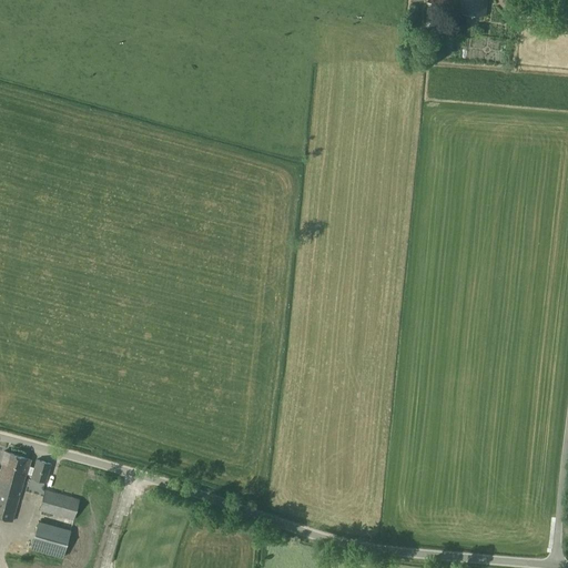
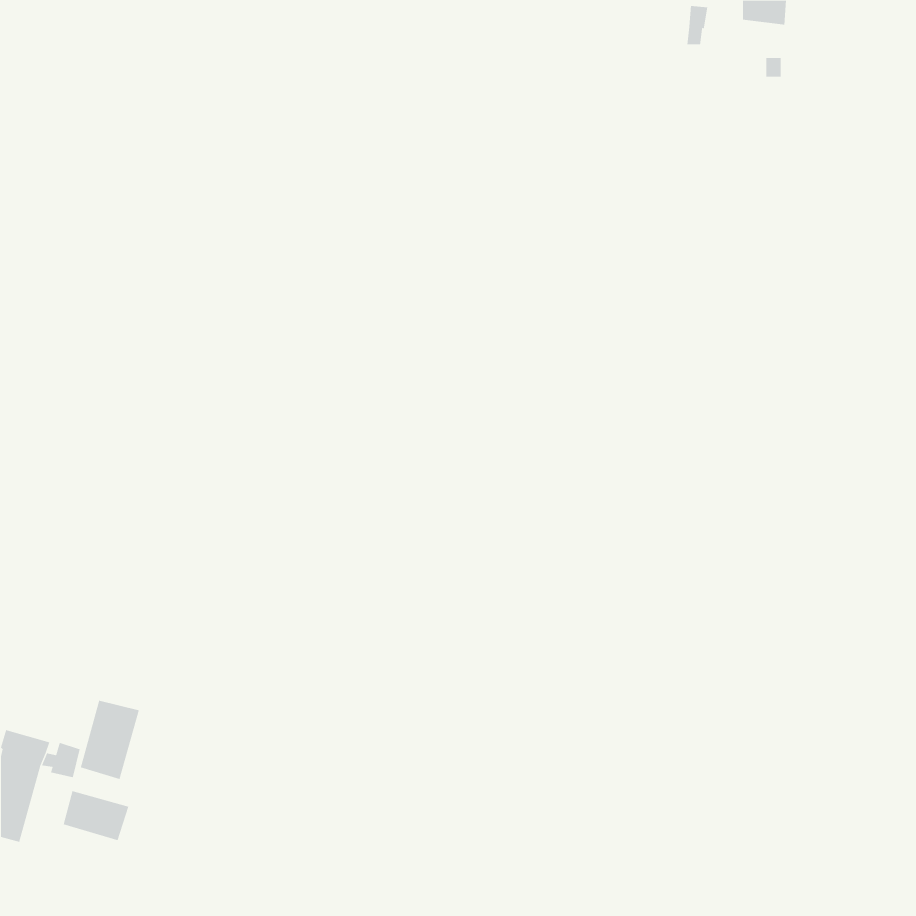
building: none -> [80,700,140,780]
building: [30,521,70,558] -> none

